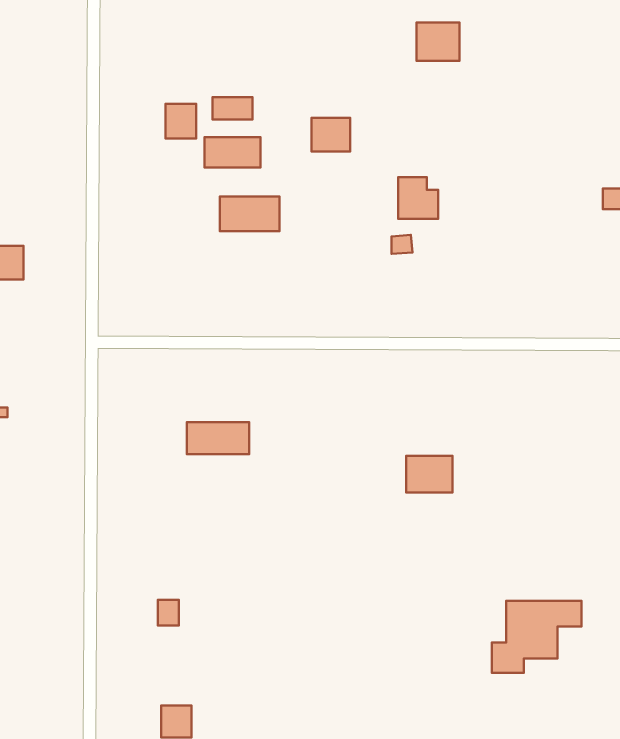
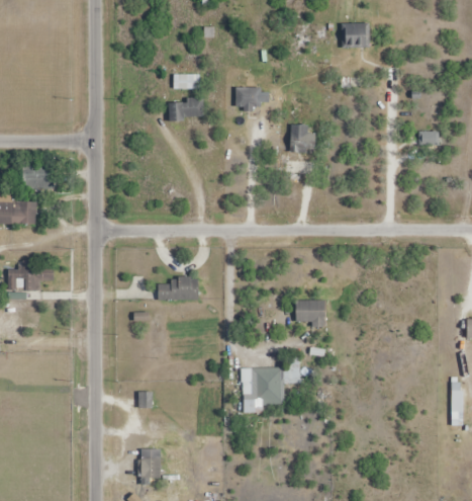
building: [416,23,460,61] -> [342,23,369,48]
building: [165,104,196,138] -> none
building: [220,196,279,231] -> none
building: [492,601,581,673] -> [243,367,299,413]

